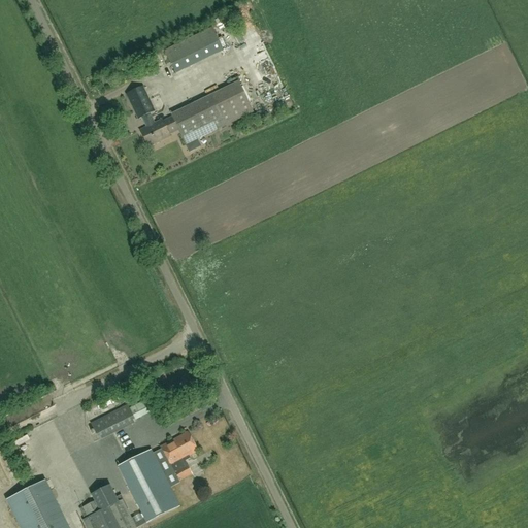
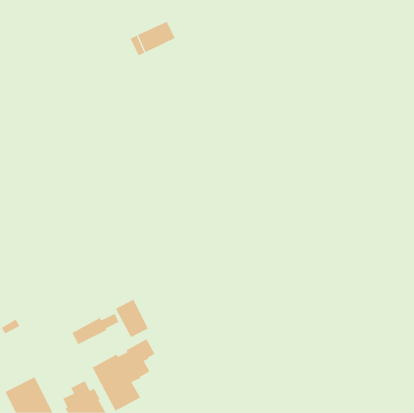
building: [128,80,252,145] -> none
building: none -> [115,299,148,338]

